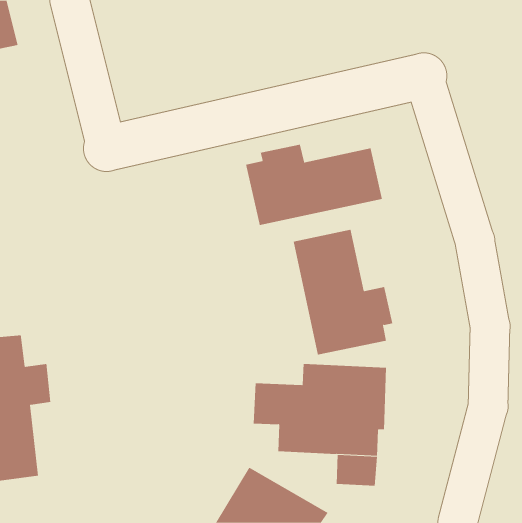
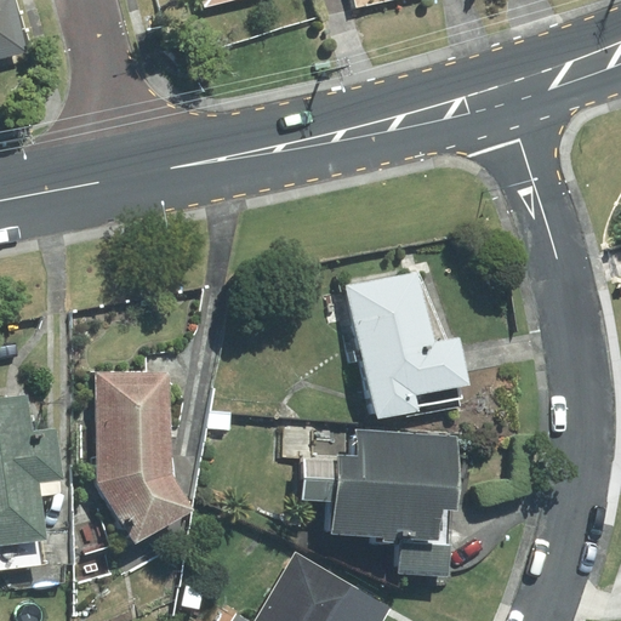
building: [246,144,383,226] -> none
building: none -> [96,374,190,543]

